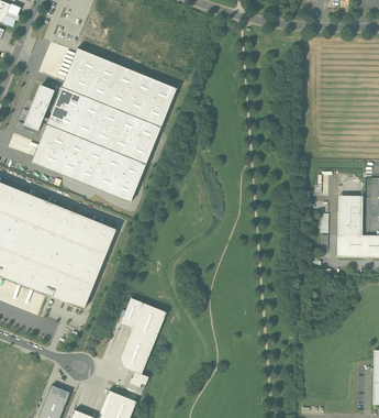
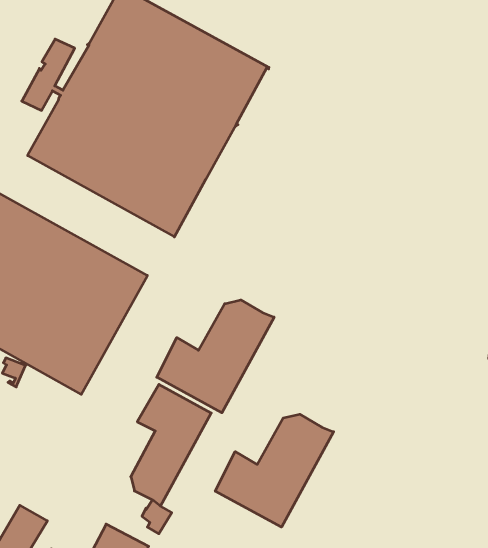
building: none -> [157,300,274,413]
building: none -> [215,414,334,527]

